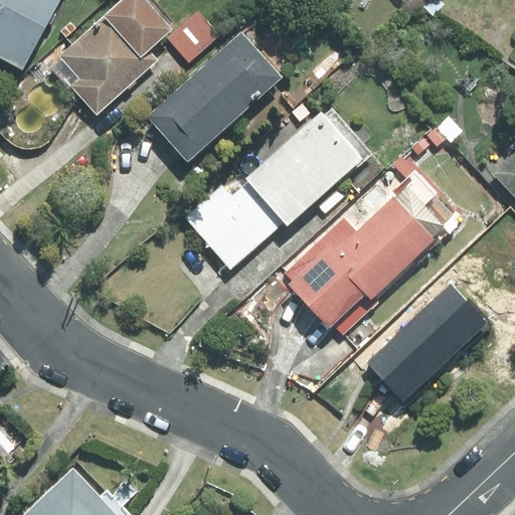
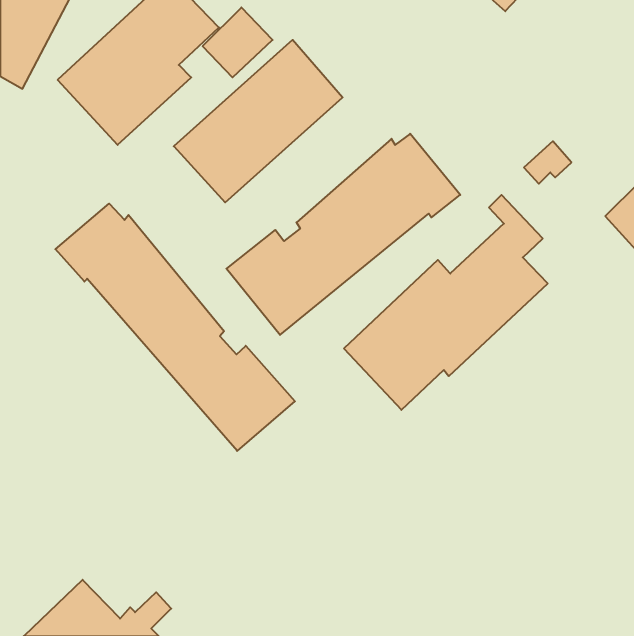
building: none -> [55,204,295,451]
building: [364,280,485,404] -> none

